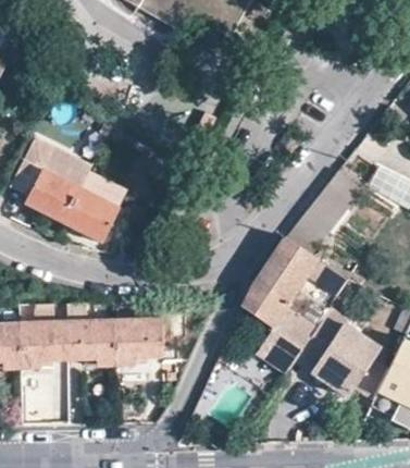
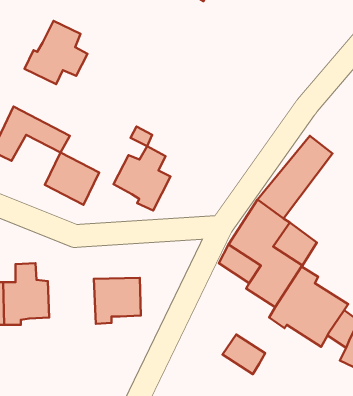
building: none -> [25,21,87,84]
building: [25,170,79,222] -> none
building: none -> [113,146,170,211]
building: [66,303,116,367] -> none
building: [259,330,303,371] -> [223,335,265,374]

